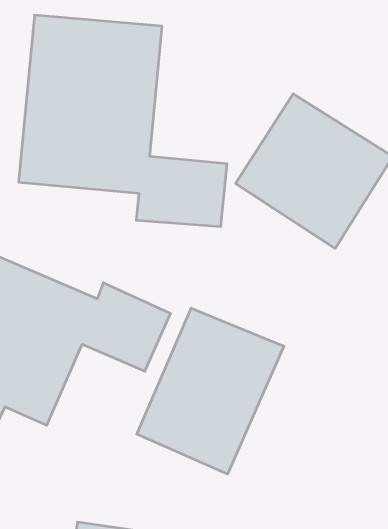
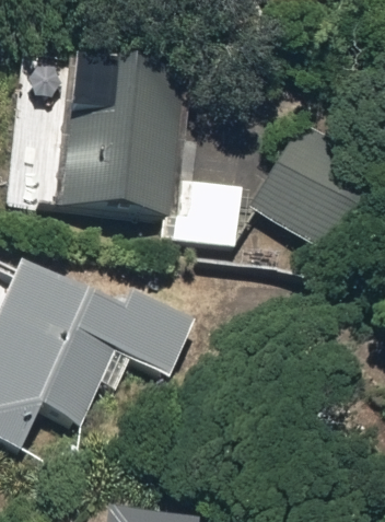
building: [137,308,284,474] -> none

